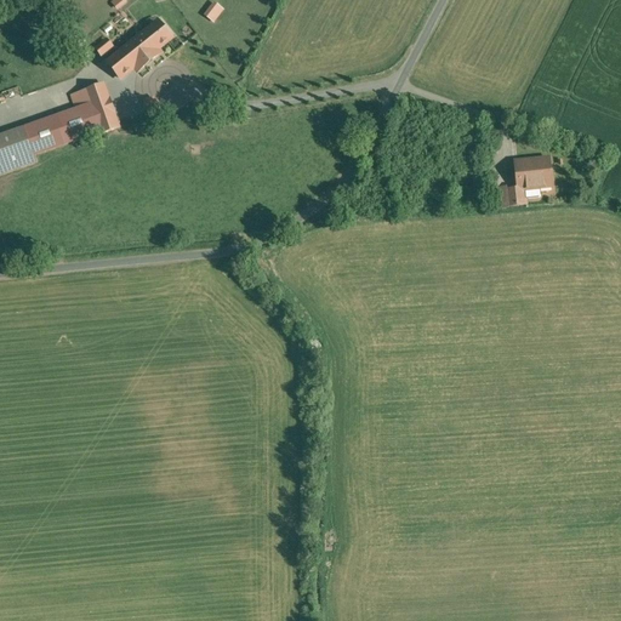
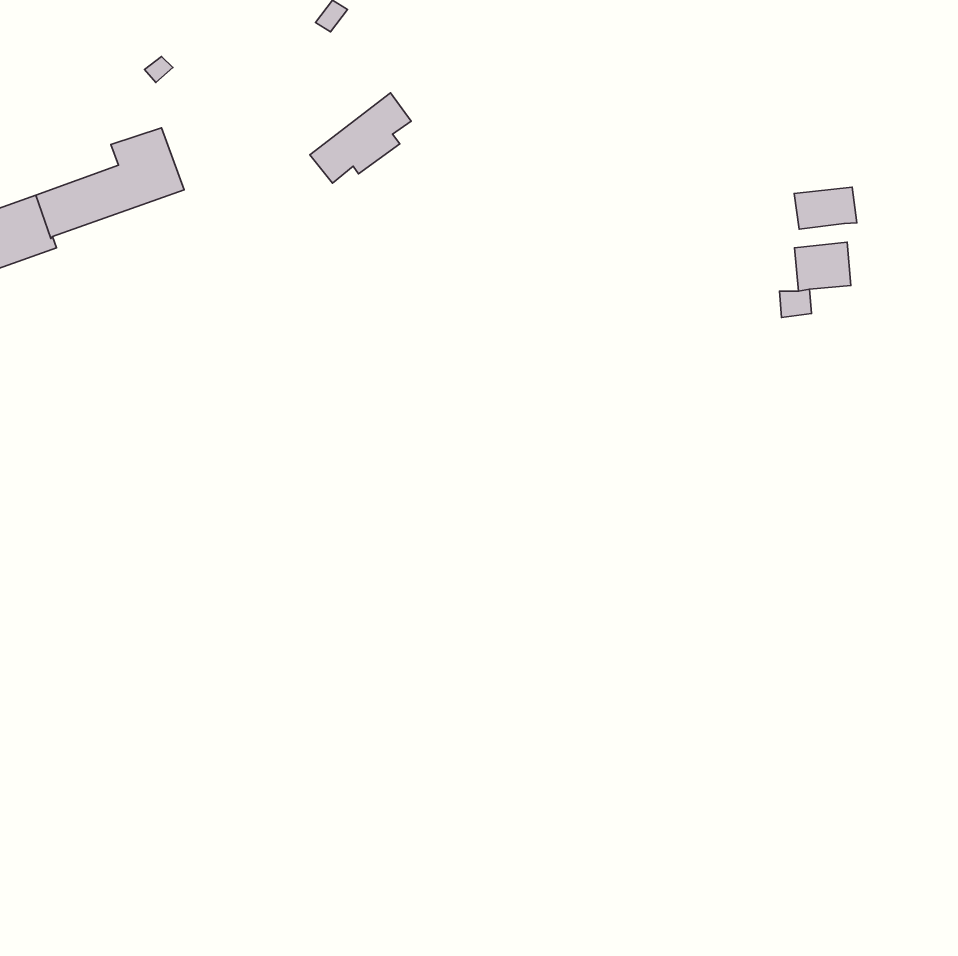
building: [104,18,170,76] -> [310,93,411,183]
building: none -> [794,187,857,229]

